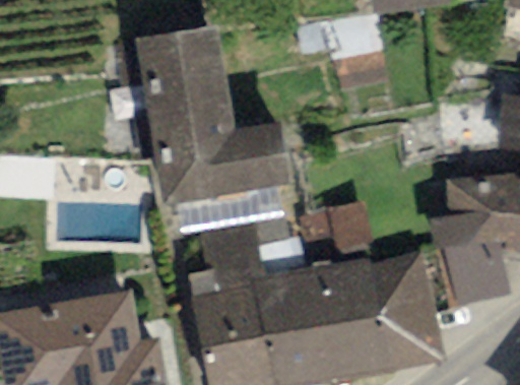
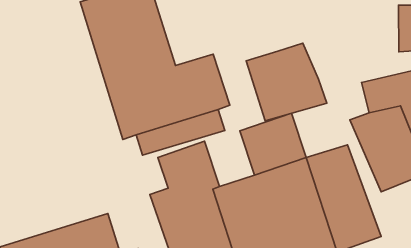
building: none -> [246,43,327,121]

